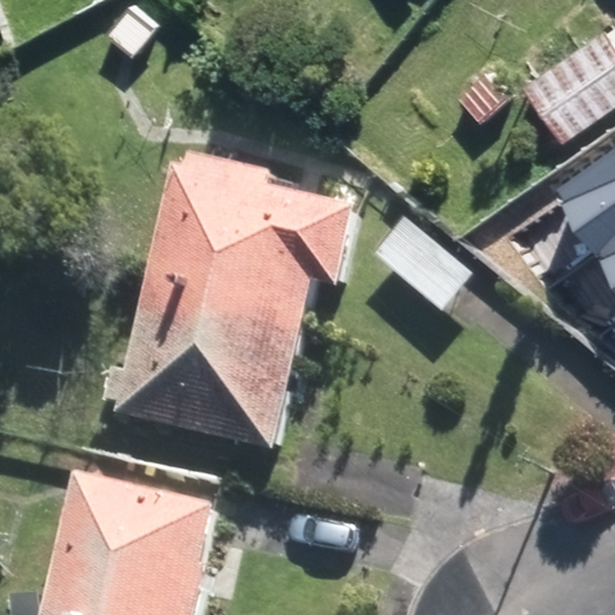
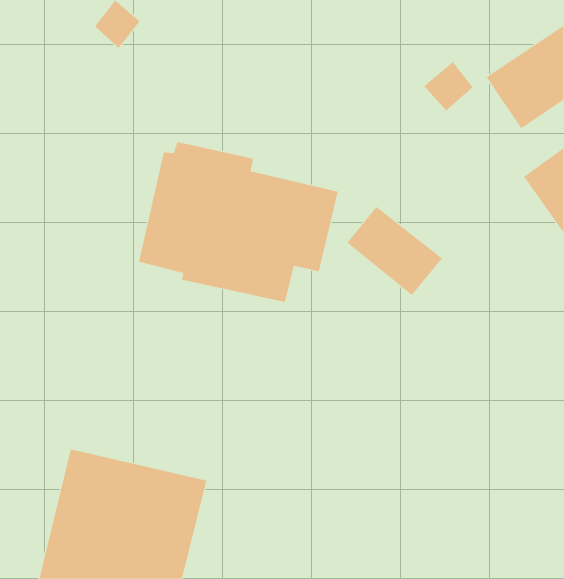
building: [114,277,303,450] -> none

